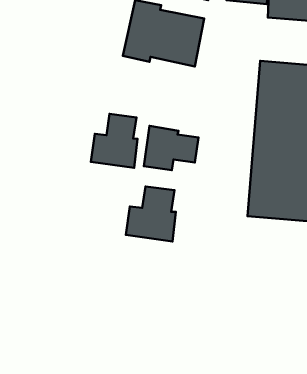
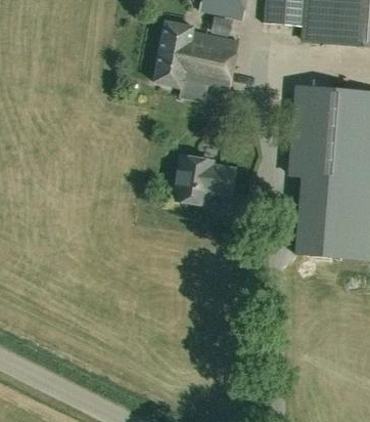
building: [91,114,138,168] -> none
building: [126,186,176,241] -> none

